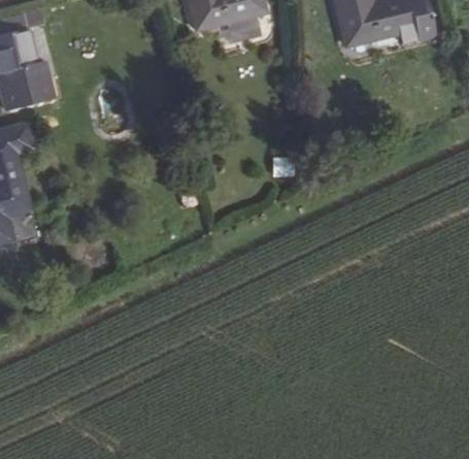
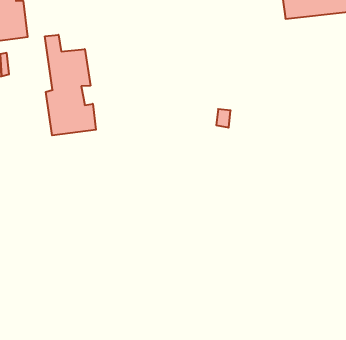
building: none -> [45,35,96,135]

